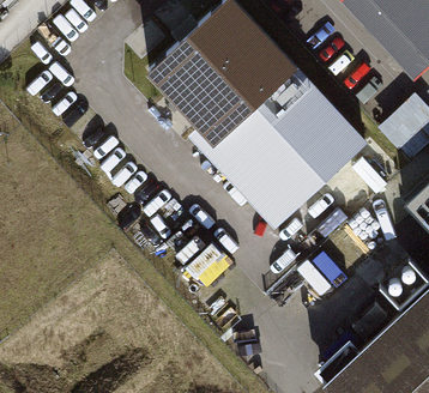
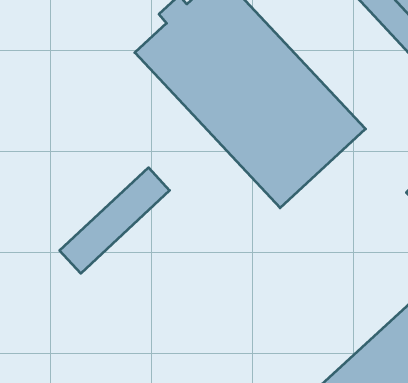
building: none -> [60,168,170,273]

